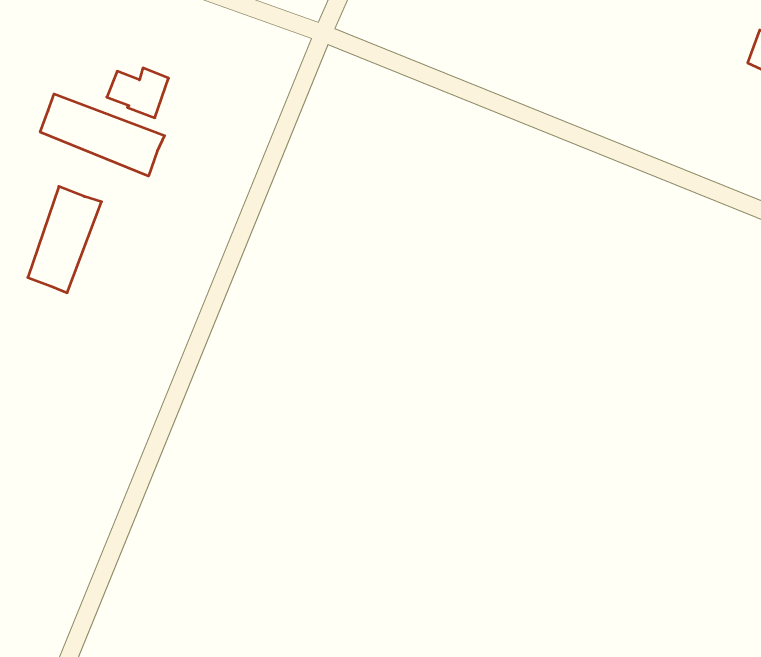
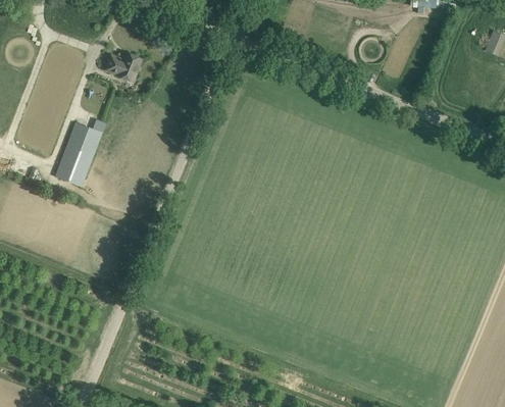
building: [40,94,165,176] -> none

